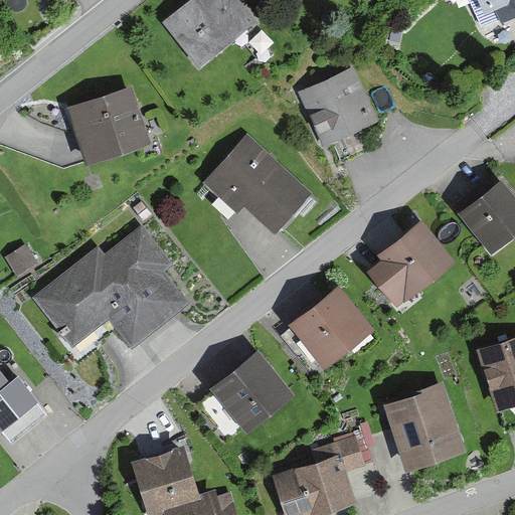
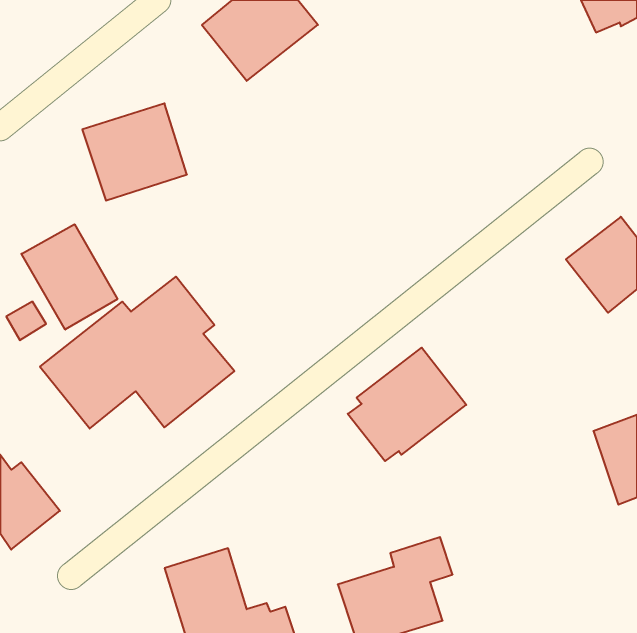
building: [298,68,378,148] -> none
building: [203,135,313,234] -> none
building: none -> [21,224,117,330]
building: [366,218,457,310] -> none
building: [198,349,295,443] -> none
building: [383,381,467,473] -> none

